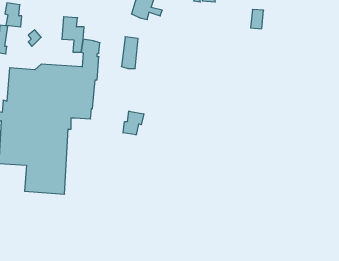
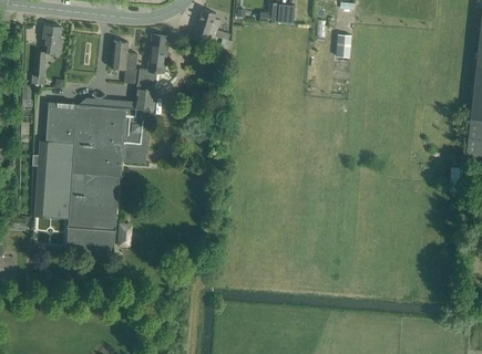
building: [121,37,138,68] -> [148,34,168,72]
building: [123,111,144,135] -> none

